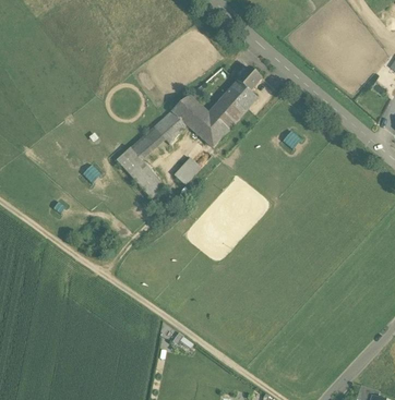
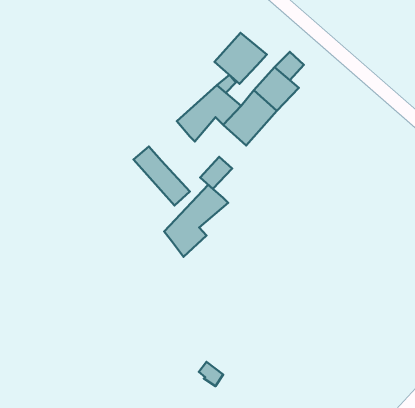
building: none -> [215,33,267,84]
building: [129,126,164,160] -> none
building: none -> [164,185,228,257]

